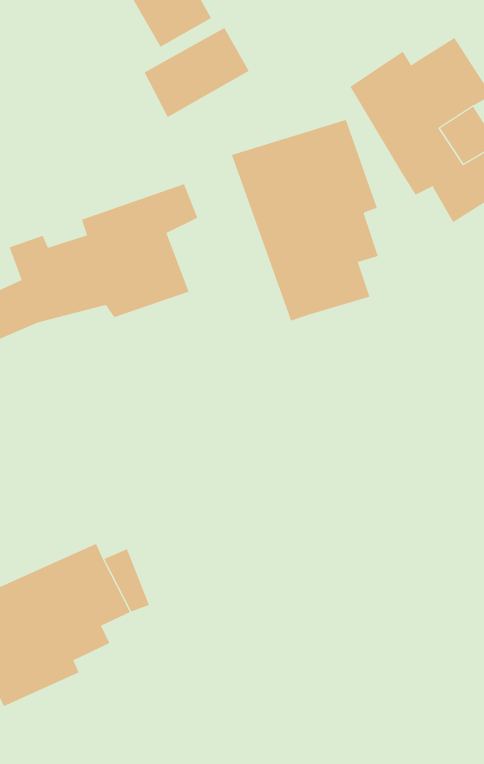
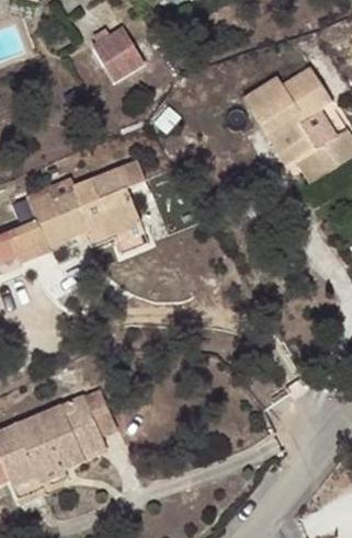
building: [144,27,250,118] -> none
building: [231,119,379,322] -> none

